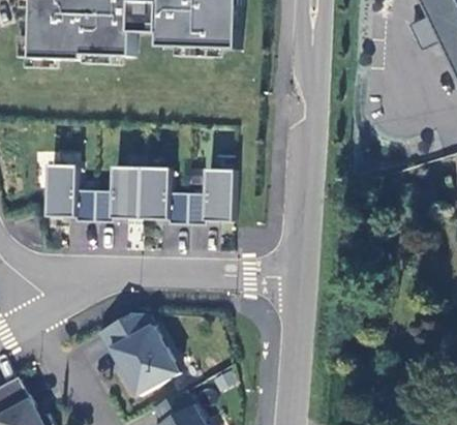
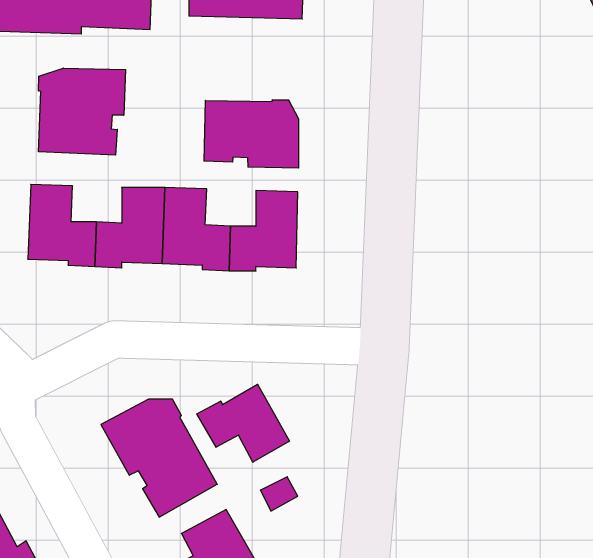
building: none -> [39,68,126,155]
building: none -> [204,100,298,168]
building: none -> [197,384,289,462]

